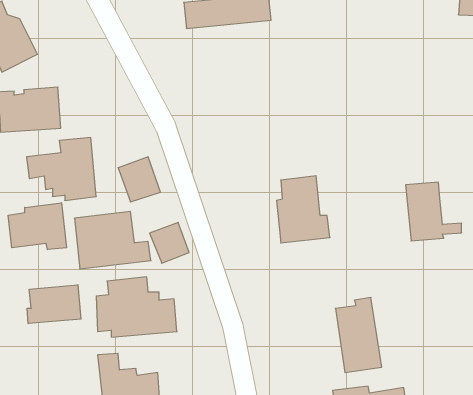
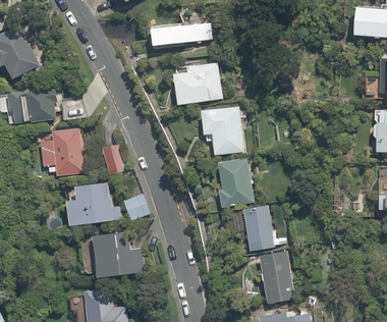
building: none -> [170,61,223,105]
building: none -> [200,105,246,155]
building: [406,182,462,241] -> [245,205,287,249]
building: [8,203,67,250] -> none
building: [27,285,81,324] -> none

